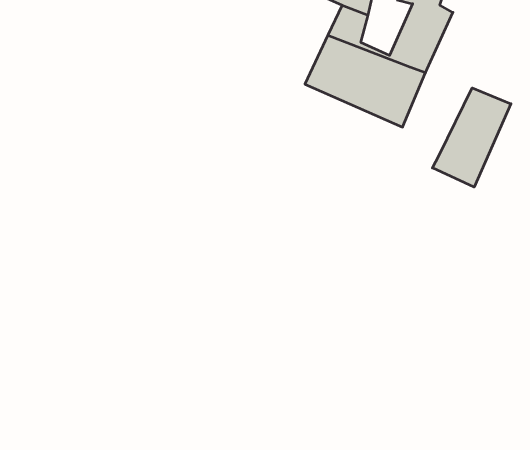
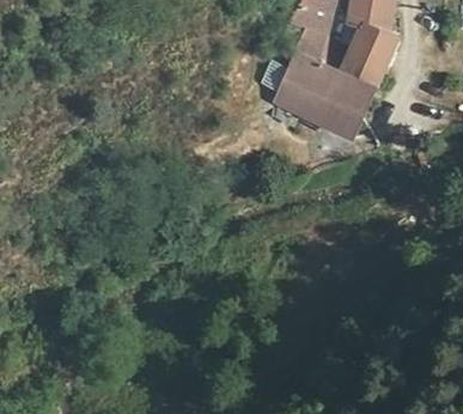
building: [432,88,511,187] -> none

